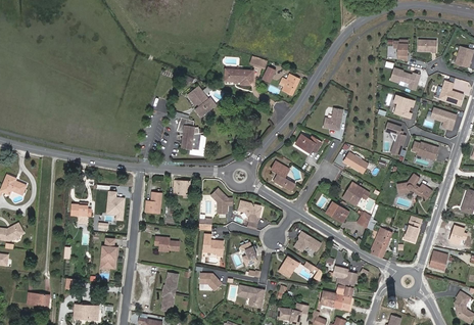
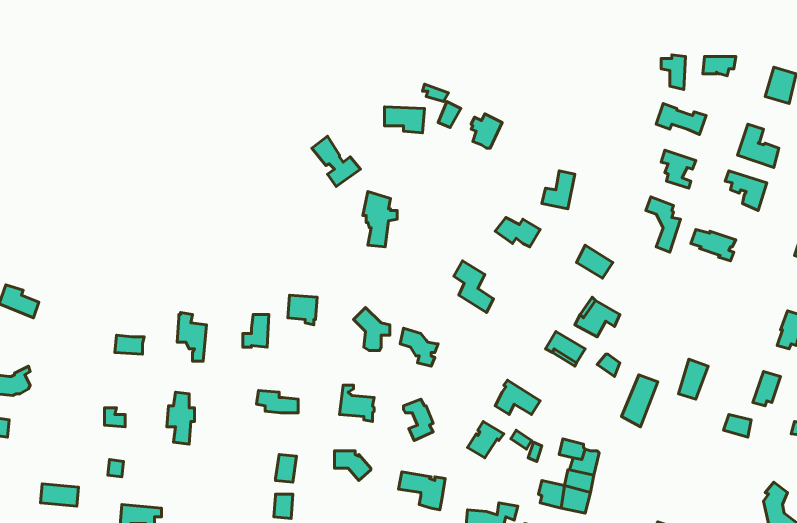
building: [178,117,198,149] -> [363,191,397,247]
building: [396,174,432,200] -> none

